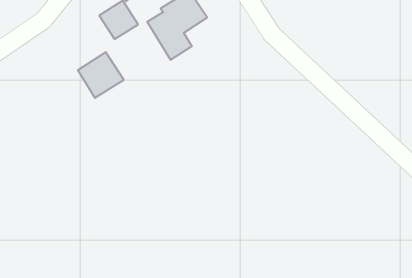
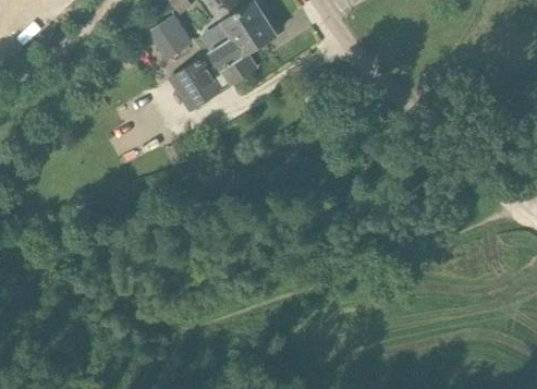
building: [78,52,124,98] -> [168,57,223,112]

